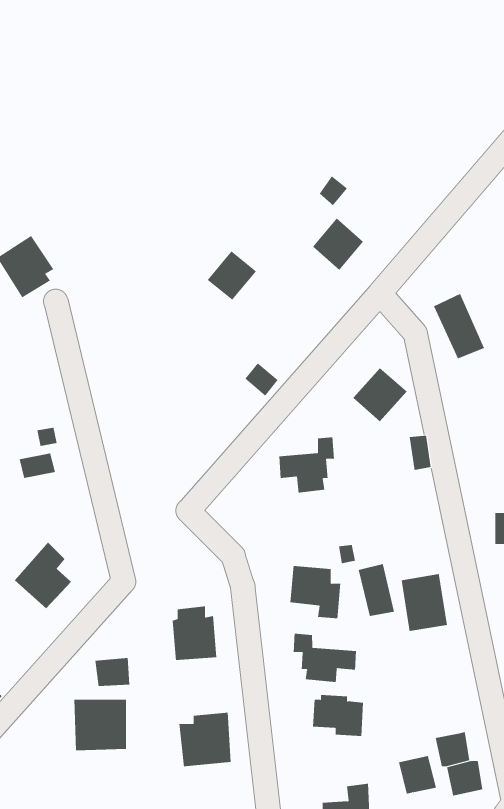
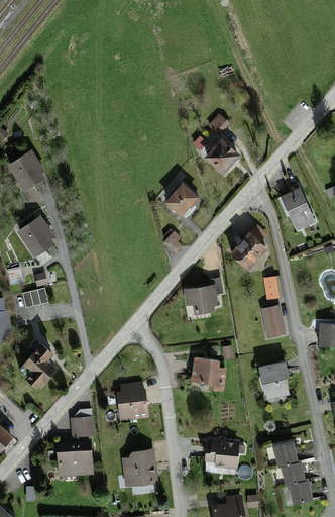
building: [207,251,257,301] -> [166,184,198,215]
building: none -> [17,217,54,255]
building: [358,563,395,617] -> [261,304,285,337]
building: [293,633,356,683] -> none
building: [398,756,437,794] -> [273,443,298,468]

